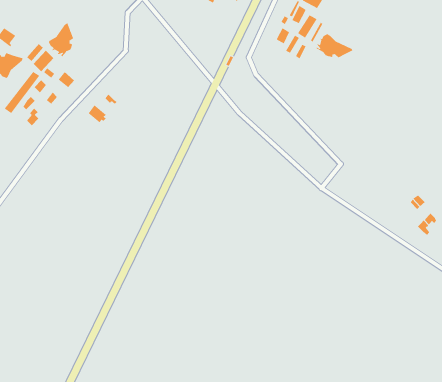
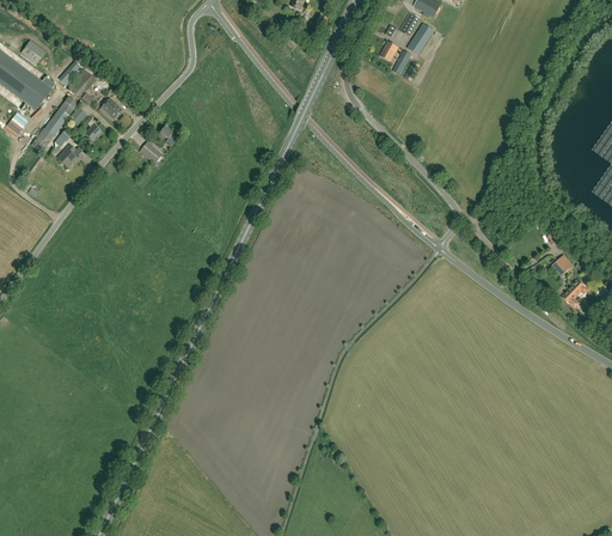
building: [48,22,74,57] -> none
building: [316,33,354,58] -> none

